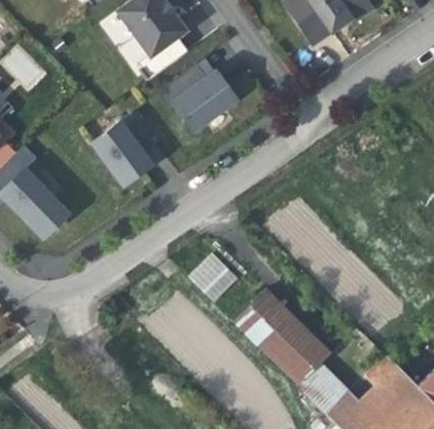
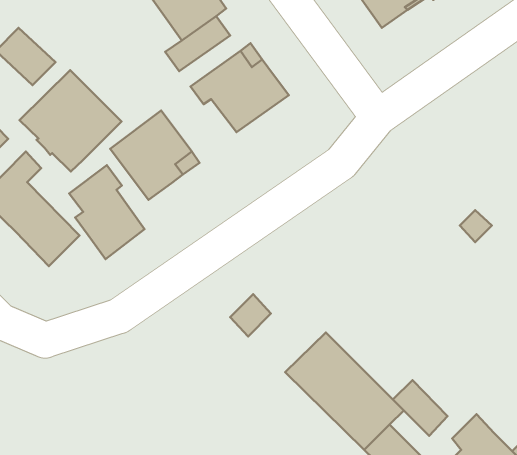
building: none -> [20,70,122,172]
building: none -> [69,165,145,259]
building: none -> [393,380,447,436]

